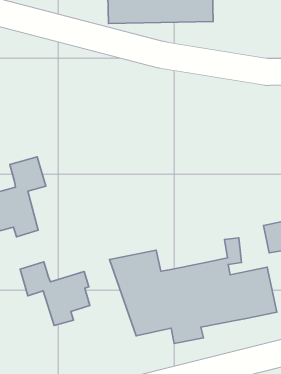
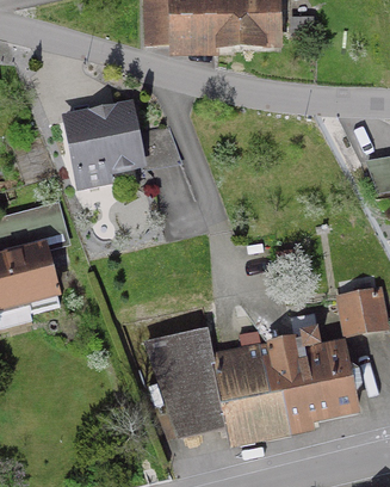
building: none -> [68,104,141,184]
building: [20,262,90,326] -> none

